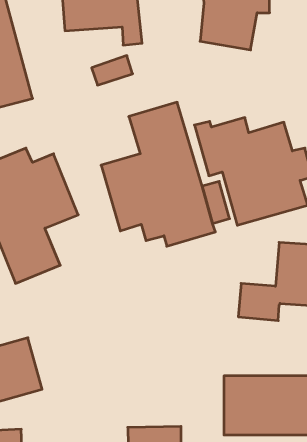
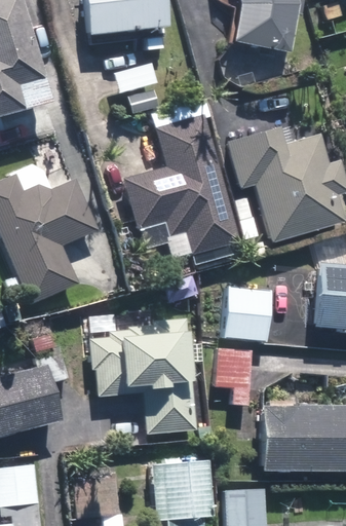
building: none -> [224,287,272,340]
building: none -> [88,320,199,436]
building: none -> [217,346,252,404]

